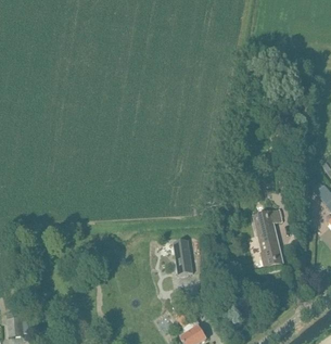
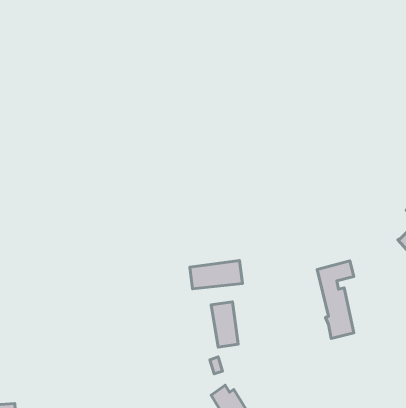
building: none -> [190,261,243,289]

